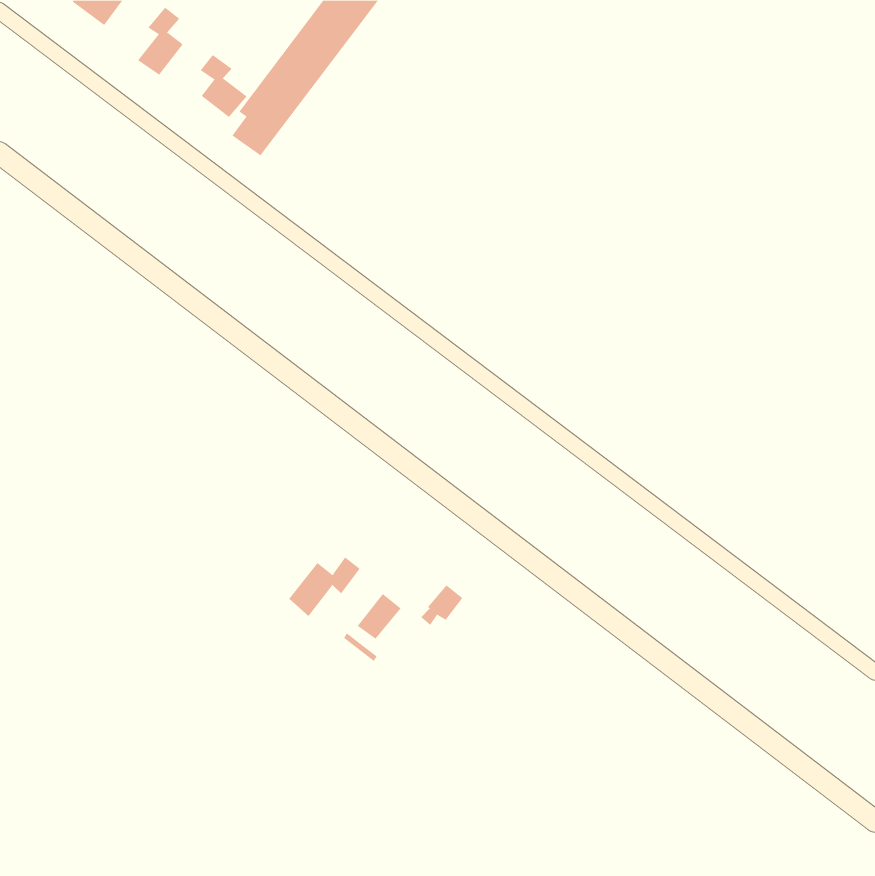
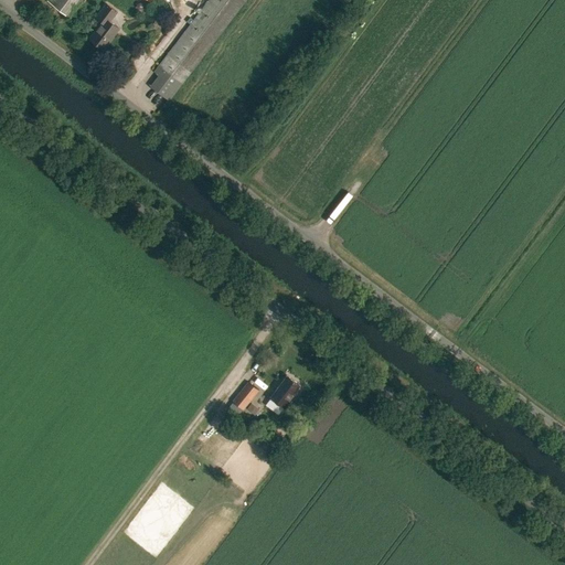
building: [200,54,247,118] -> none
building: [289,557,360,617] -> none

